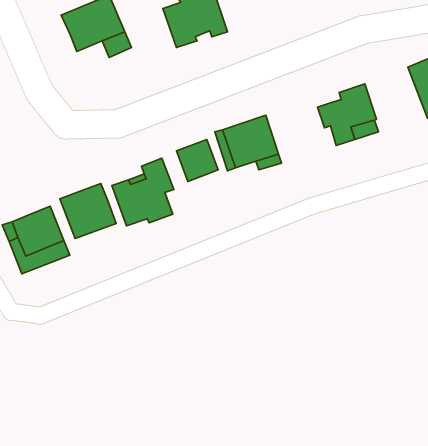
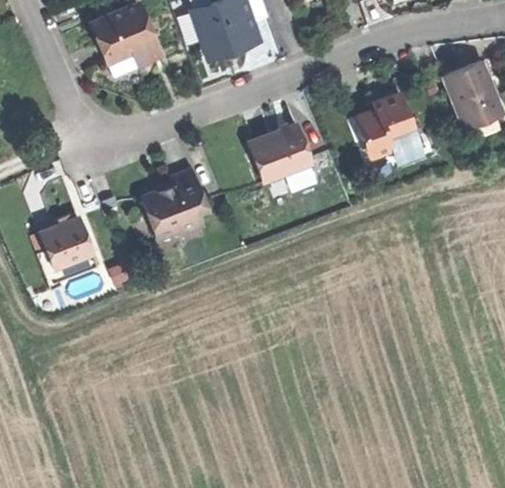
building: [177,139,218,181] -> none
building: [60,183,116,239] -> none

